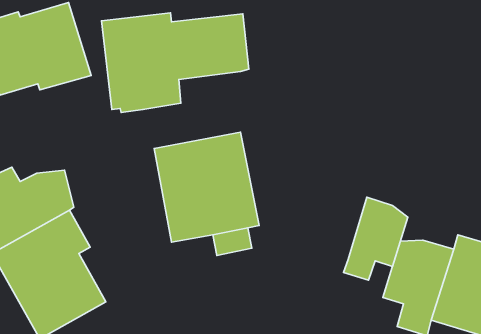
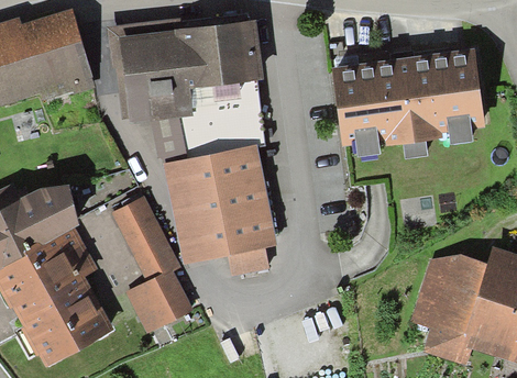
building: none -> [331,55,477,145]
building: none -> [153,80,264,158]
building: none -> [112,193,197,336]
building: [343,197,408,280] -> none

